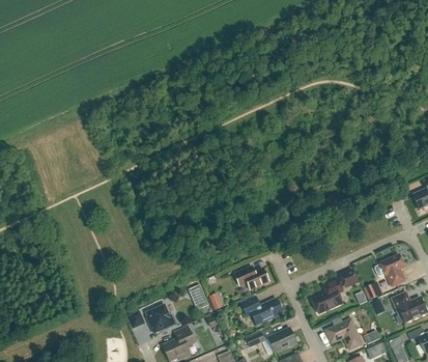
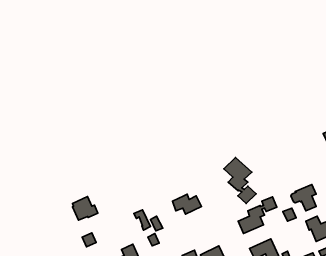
building: none -> [224,158,256,203]
building: [240,296,283,325] -> none
building: [146,304,176,332] -> [72,196,98,220]

